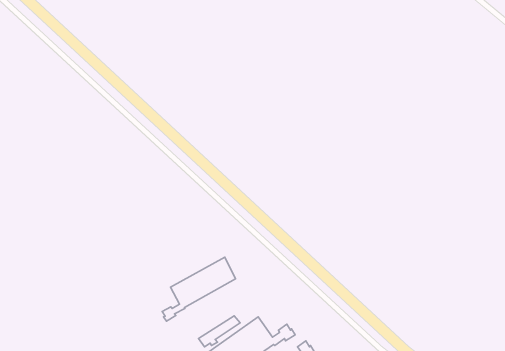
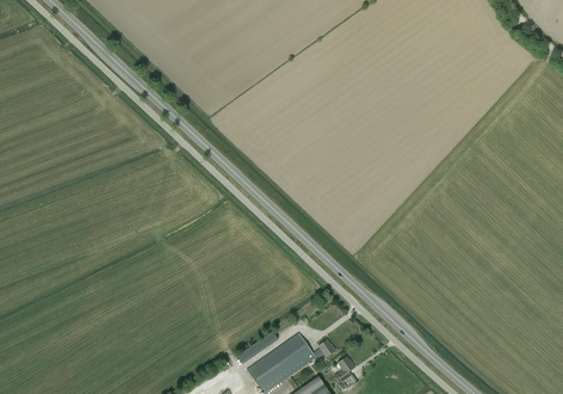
building: [162,257,236,321] -> none

